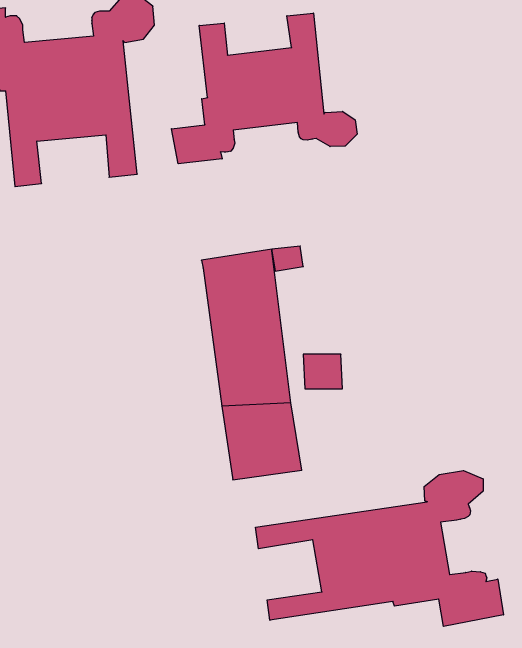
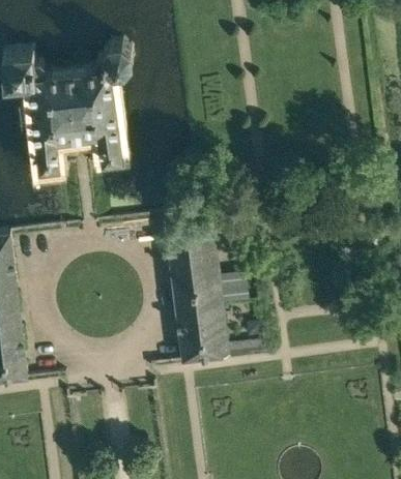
building: [171,13,357,164] -> none
building: [256,471,503,626] -> none

